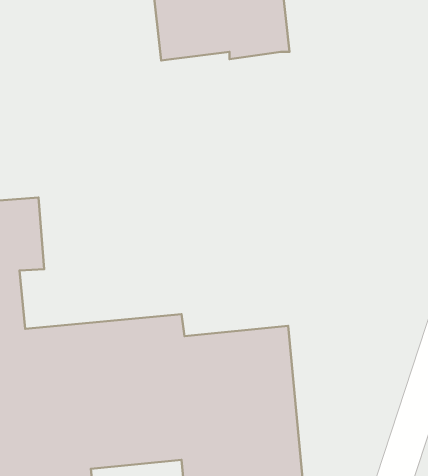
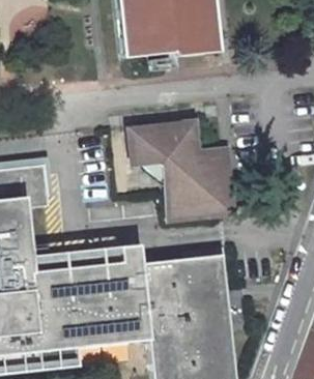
building: none -> [127,125,229,218]

